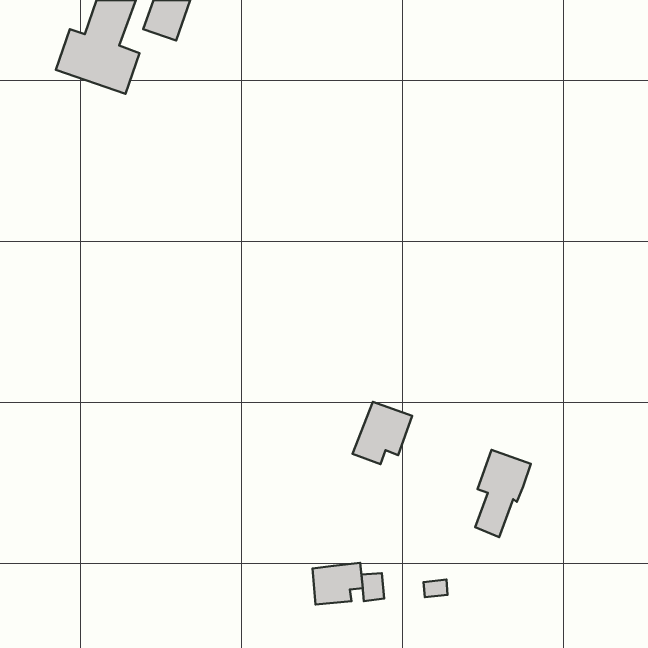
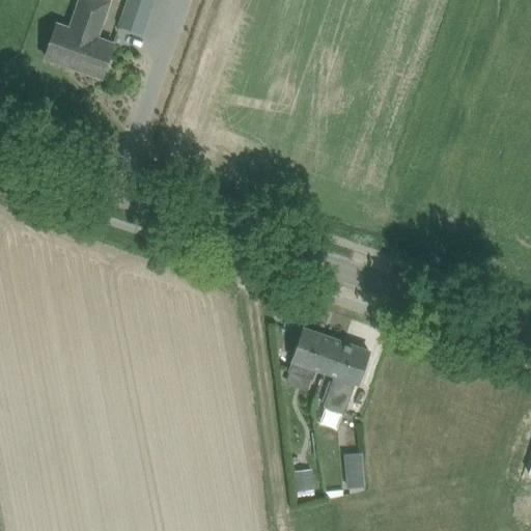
building: [475,450,531,537] -> [324,340,369,412]
building: [312,563,363,604] -> none

